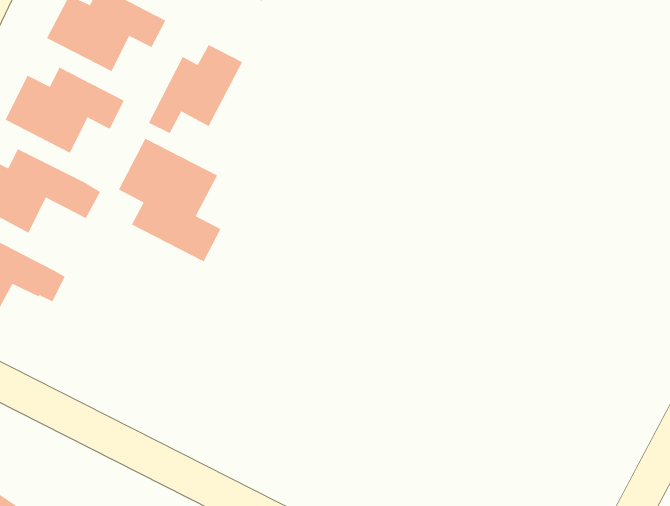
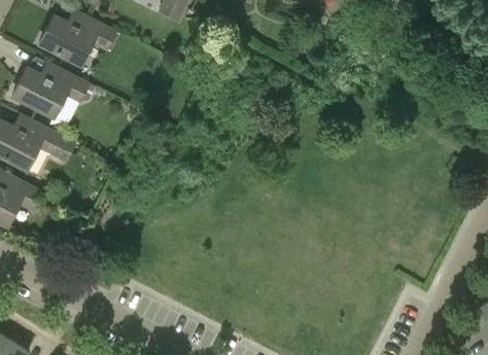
building: [148,44,243,134] -> none
building: [118,138,221,262] -> none

